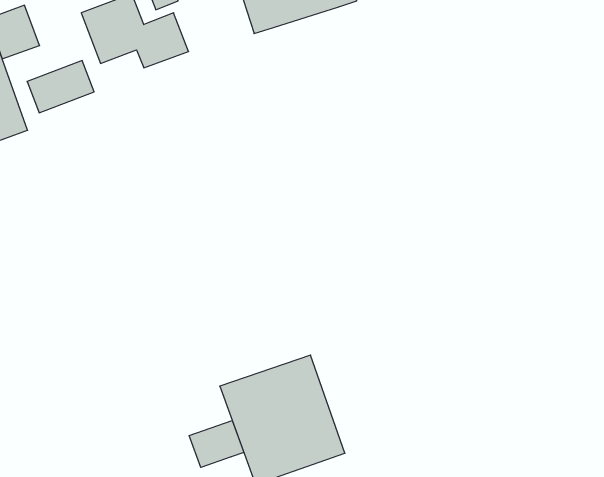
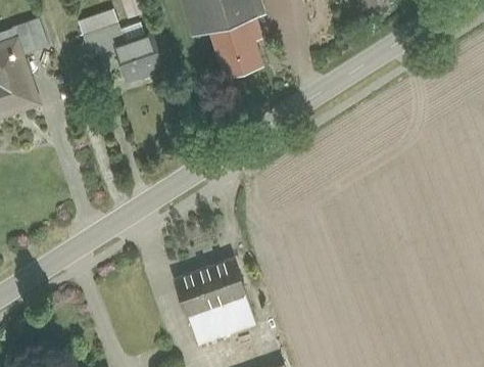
building: none -> [208,19,268,79]
building: [27,61,94,113] -> [117,50,163,86]
building: [189,421,244,467] -> none

